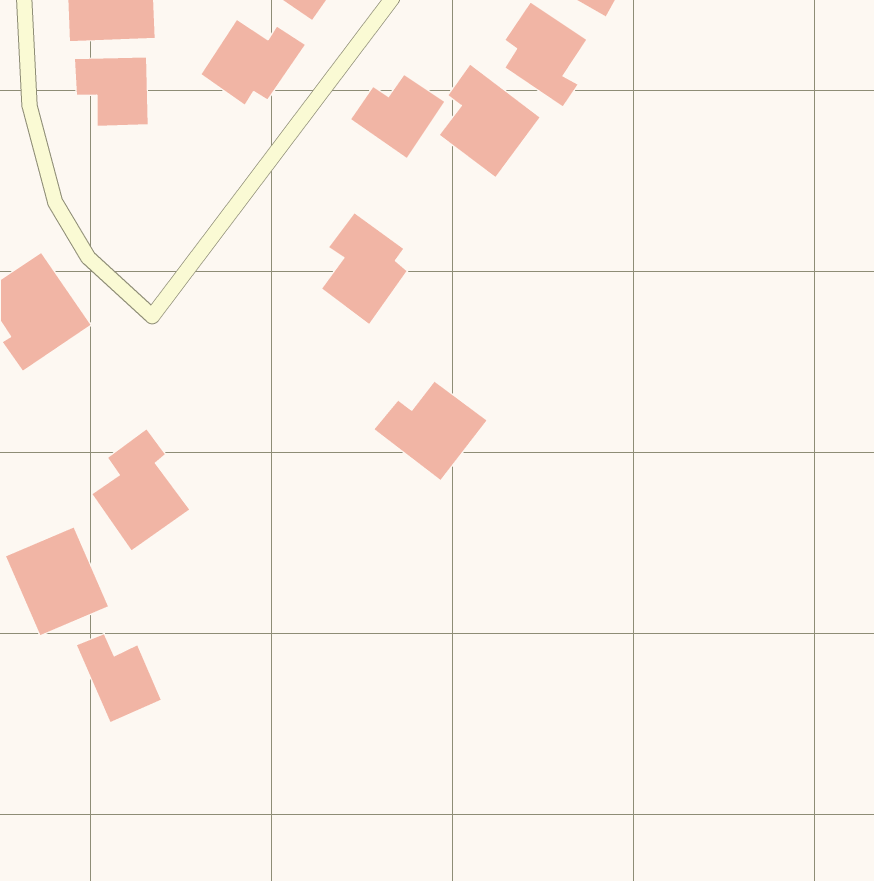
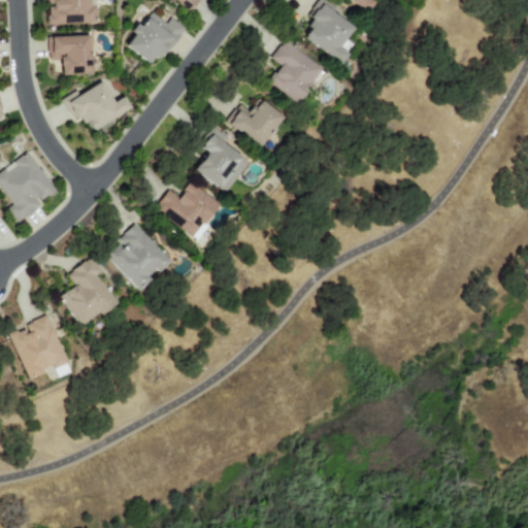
building: [350,74,445,159] -> [228,98,285,148]
building: none -> [63,79,133,130]
building: none -> [104,223,172,291]
building: [374,381,488,481] -> [155,179,223,239]
building: [76,634,162,723] -> none

